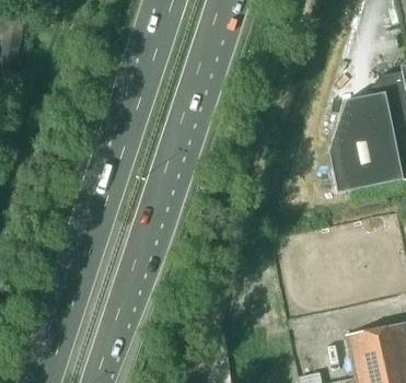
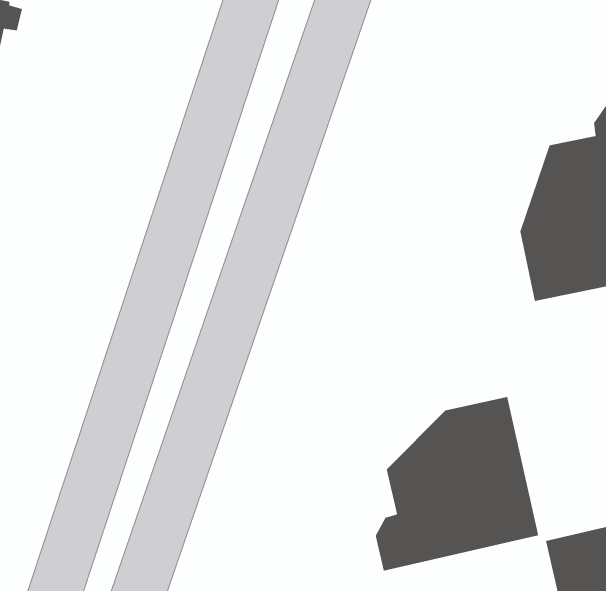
building: none -> [375,396,539,571]

